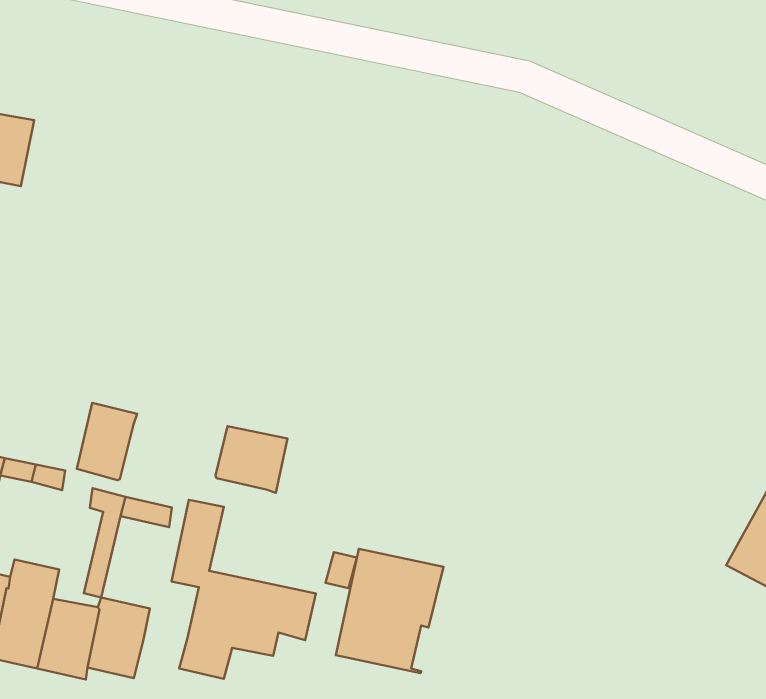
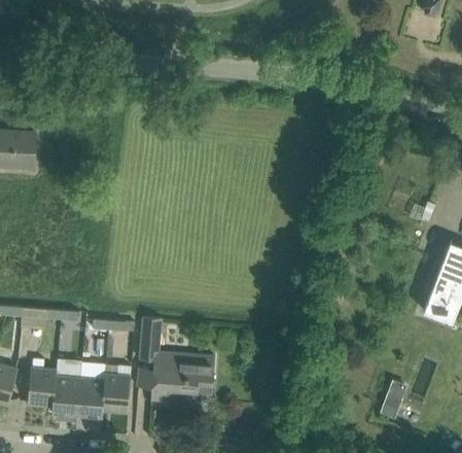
building: [77,403,137,480] -> none
building: [215,426,287,493] -> none
building: [336,549,443,673] -> none

